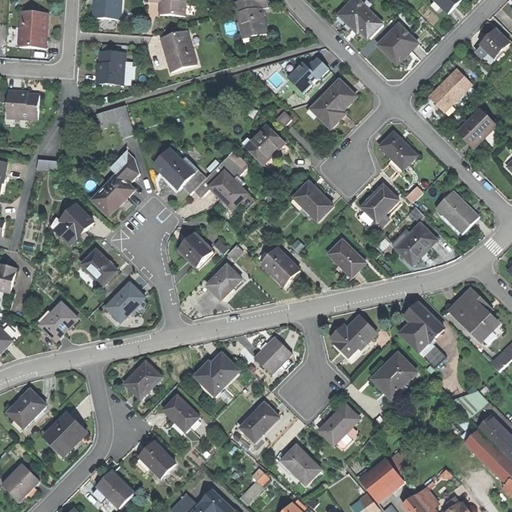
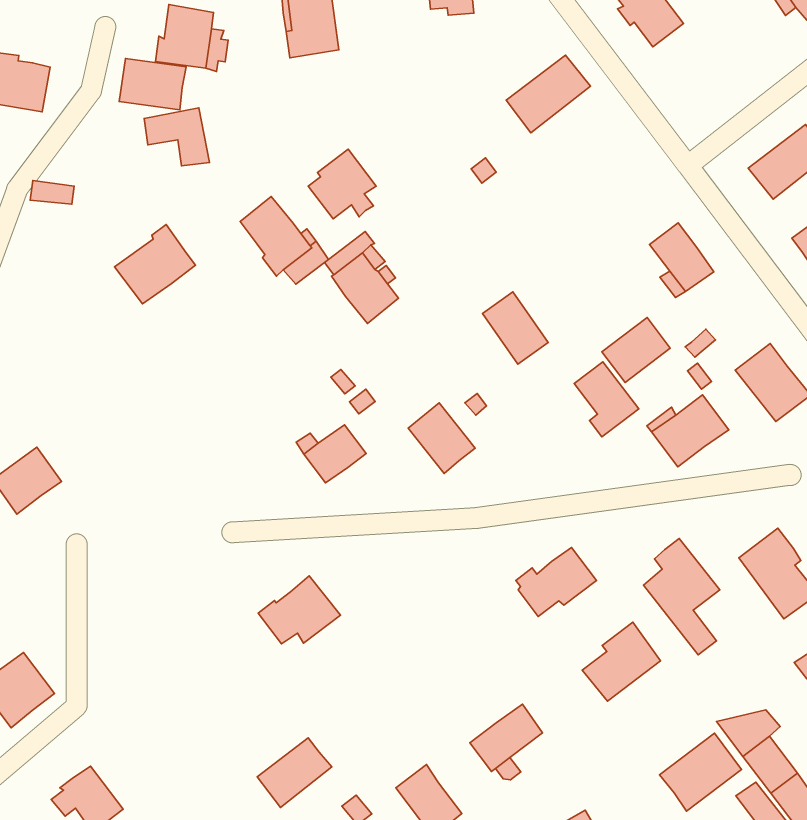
building: [377,23,417,60] -> none
building: [310,79,355,127] -> none
building: none -> [119,59,186,110]
building: [247,124,284,163] -> [308,149,376,219]
building: [110,151,138,184] -> none
building: [54,204,93,243] -> none
building: [177,234,212,267] -> none
building: [327,239,364,280] -> [574,362,639,437]
building: [81,249,117,285] -> none
building: [105,282,143,320] -> none
building: [253,336,290,373] -> none
building: [122,362,160,399] -> none
building: [161,396,198,432] -> none
building: [239,402,279,442] -> [257,738,332,808]
building: none -> [660,733,742,811]
building: [136,442,175,477] -> none

